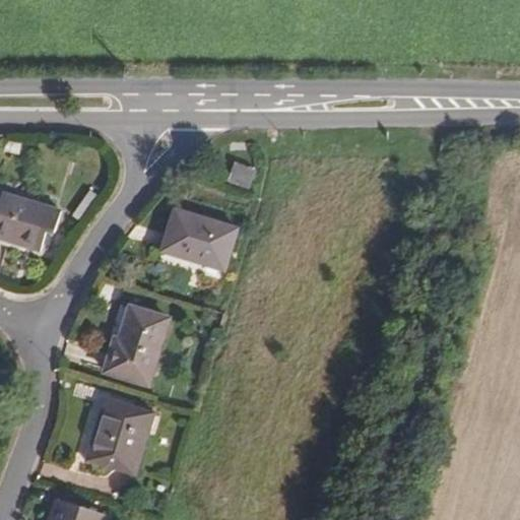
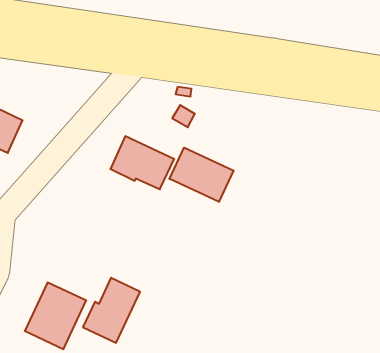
building: none -> [169,148,234,202]
building: [105,307,168,384] -> [83,278,140,343]

